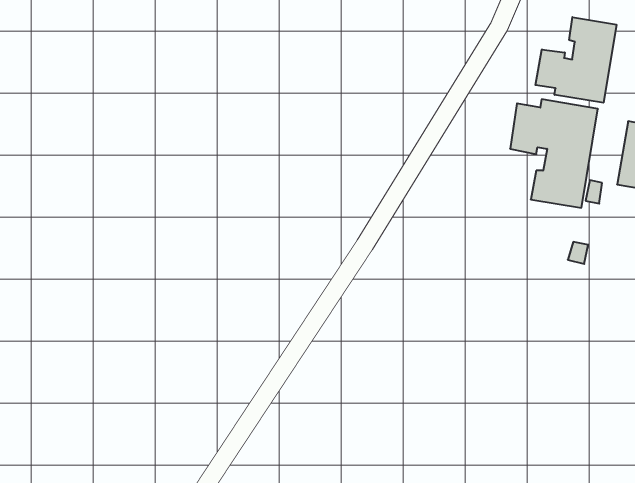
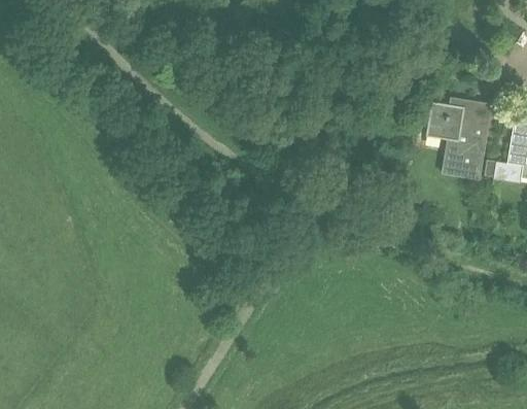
building: [535,17,616,103] -> none

